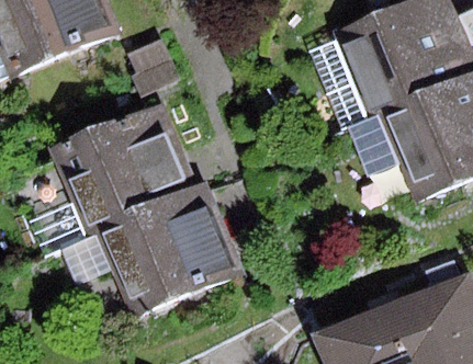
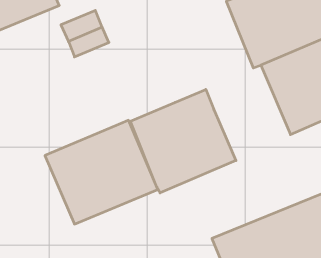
building: [50,104,196,231] -> none
building: none -> [131,89,236,193]

